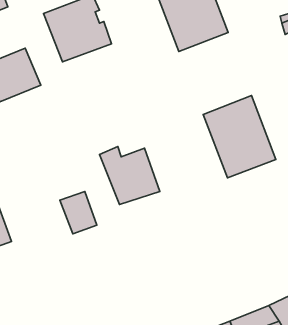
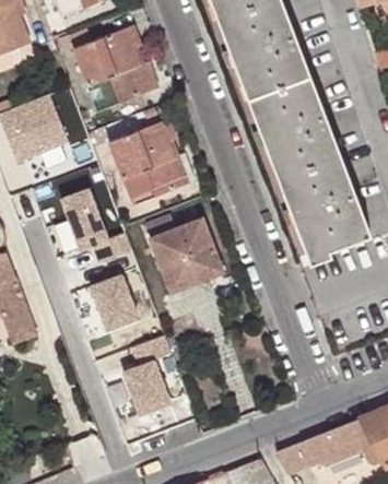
building: none -> [246,73,338,177]
building: none -> [109,119,190,205]
building: none -> [64,188,134,260]
building: none -> [127,334,175,412]

